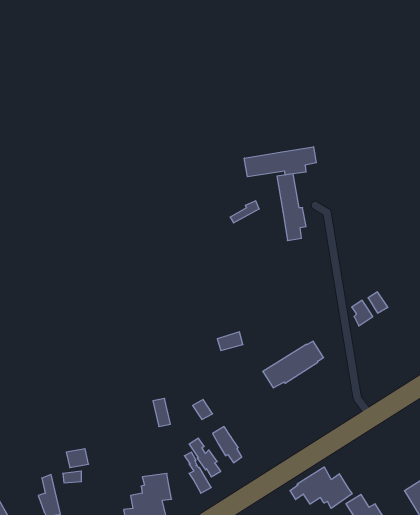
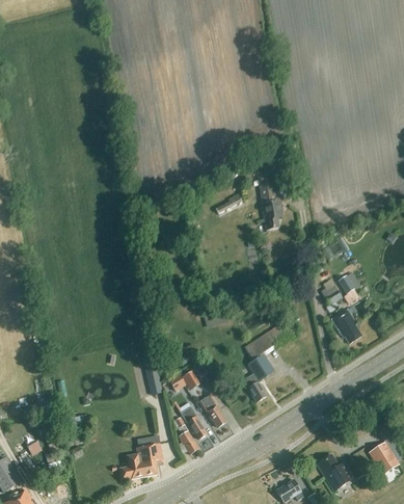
building: [244,147,316,177] -> none
building: none -> [331,310,361,344]
building: none -> [244,355,273,402]
building: [290,467,352,508] -> none

